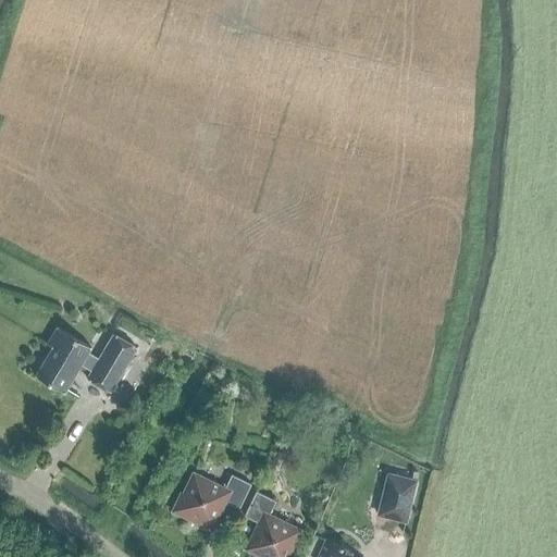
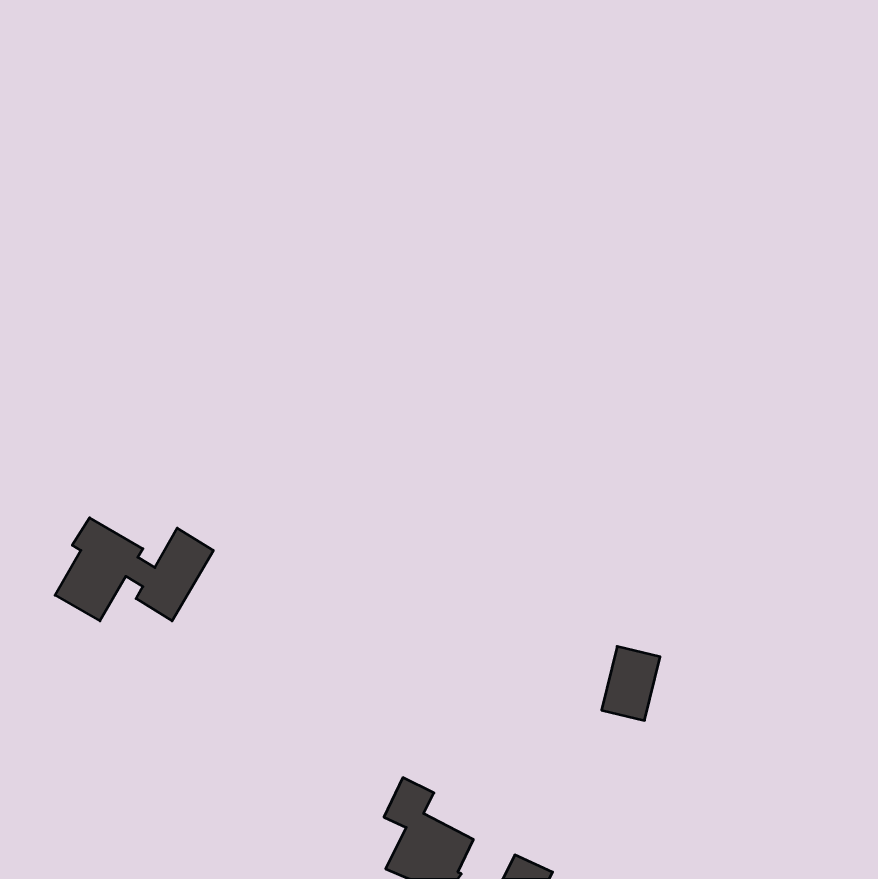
building: [172,473,251,529] -> none
building: [379,474,416,521] -> [602,646,660,720]

